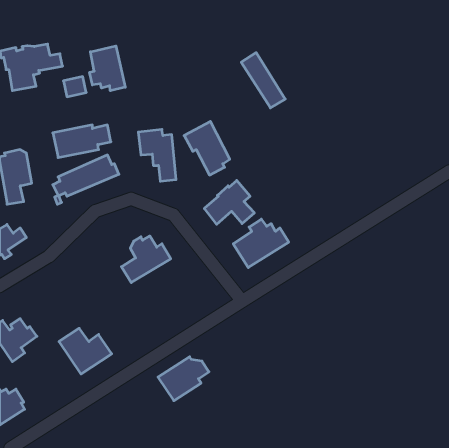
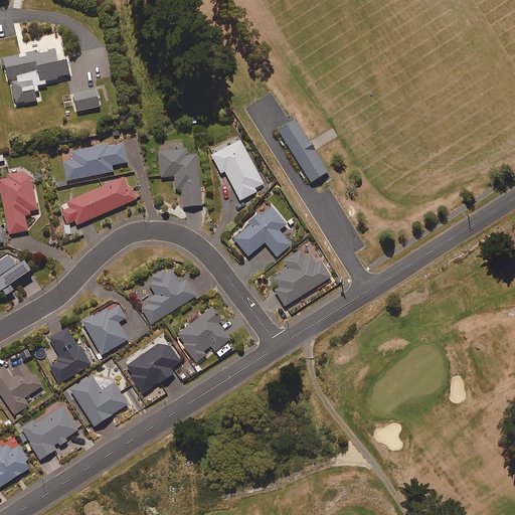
building: [90,46,125,91] -> none
building: [241,53,285,108] -> [277,117,327,180]
building: none -> [81,301,128,355]
building: none -> [175,308,229,362]
building: none -> [47,329,90,383]
building: none -> [20,406,77,459]
building: [158,357,209,401] -> [124,343,182,393]

